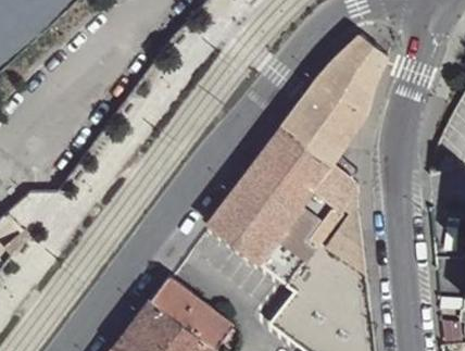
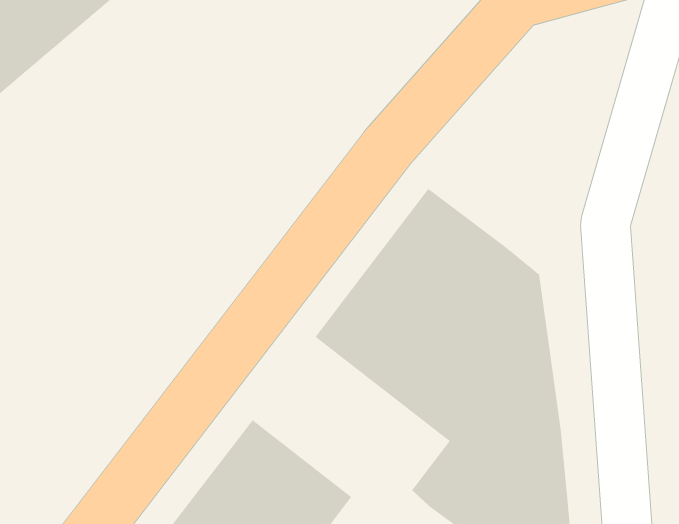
building: [279,36,384,165] -> none

